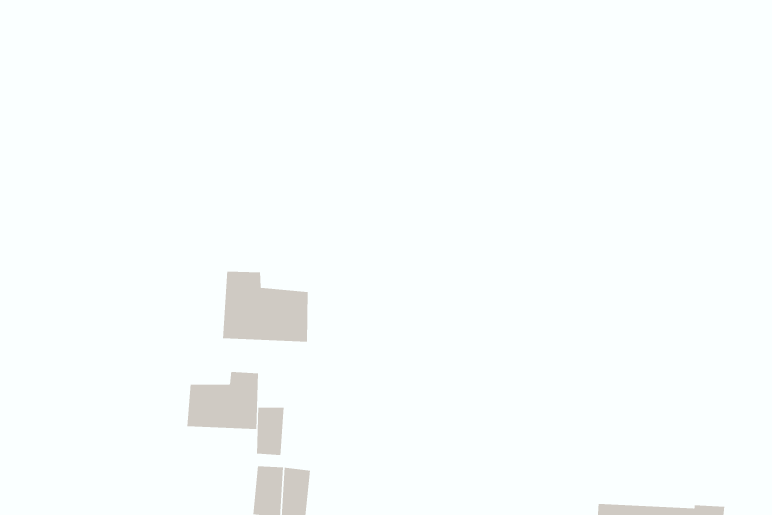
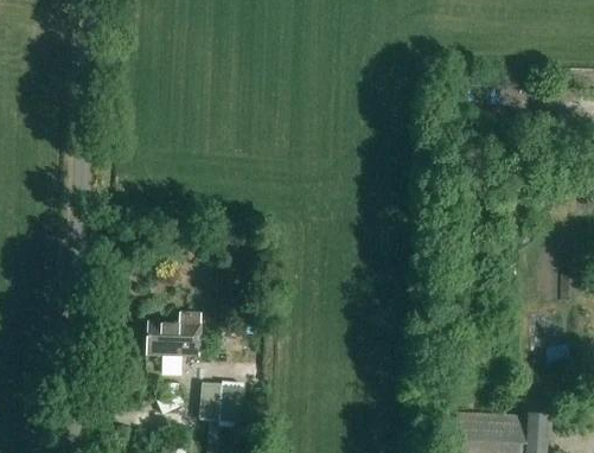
building: [223,271,308,343] -> none
building: [257,407,284,456] -> none

